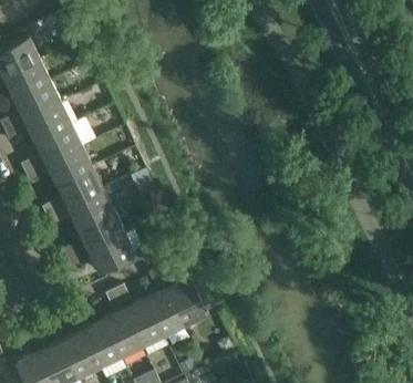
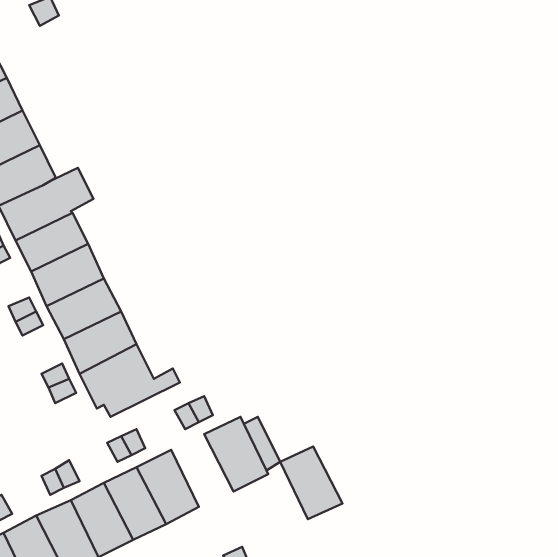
building: [145,289,185,335] -> [280,446,342,519]

